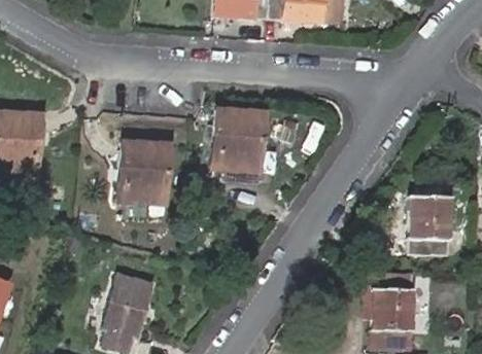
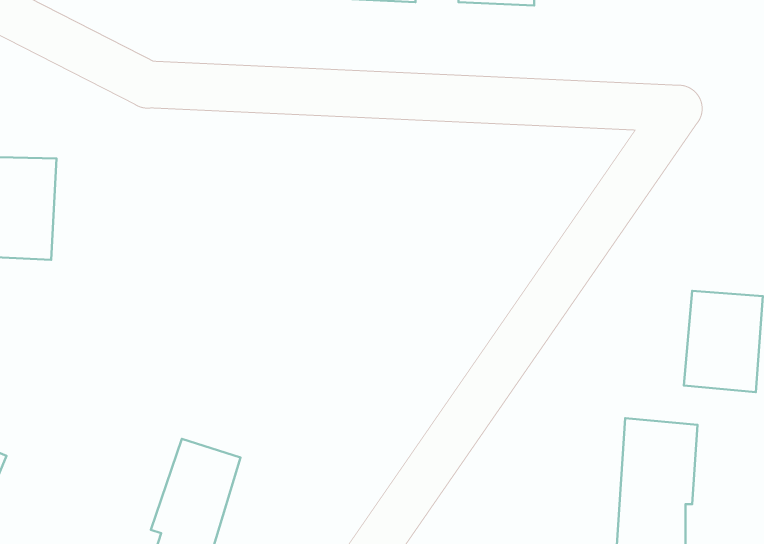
building: [214,110,264,169] -> none
building: [118,143,170,204] -> none

